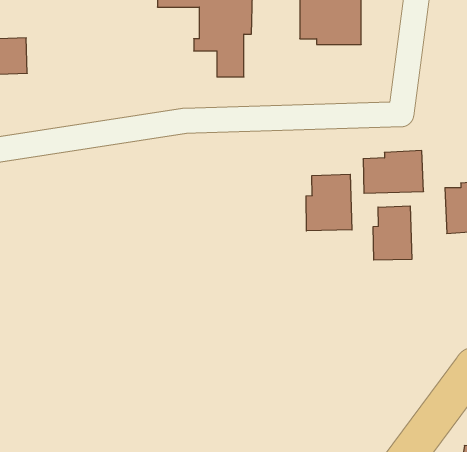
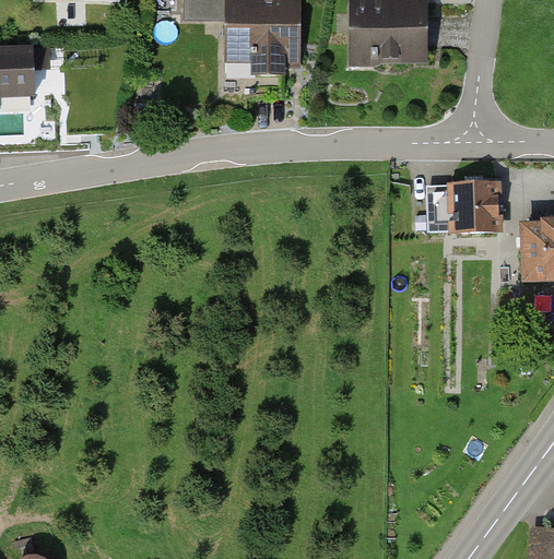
building: [306,174,352,231] -> none
building: [373,206,412,260] -> none

